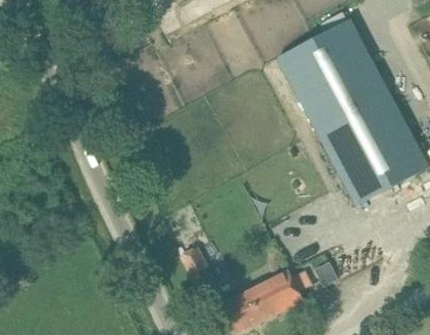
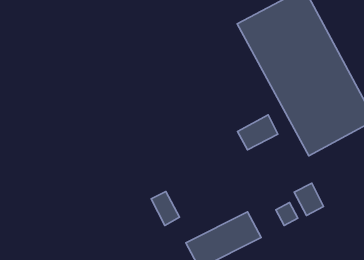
building: none -> [237,115,278,150]
building: none -> [294,183,324,216]

